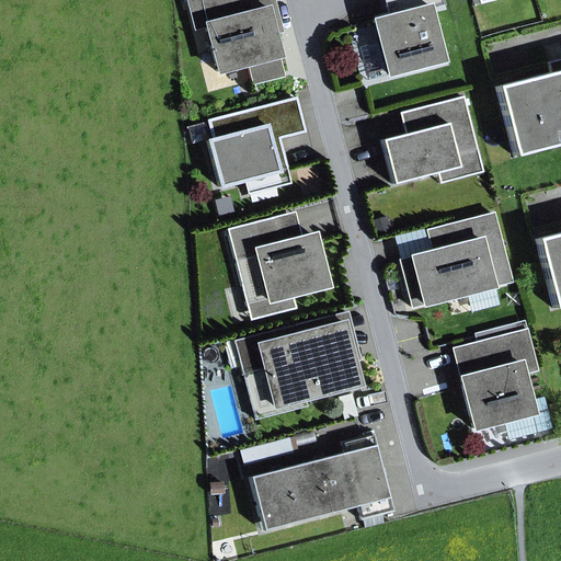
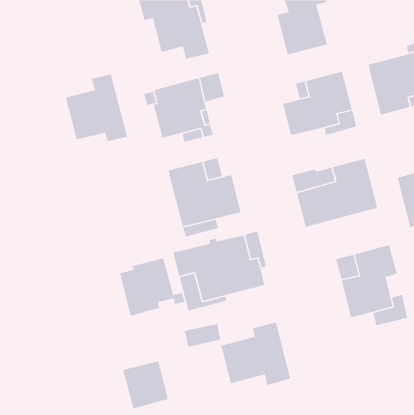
building: none -> [65,73,128,142]
building: none -> [119,257,185,317]
building: [250,465,312,530] -> [122,361,169,409]

